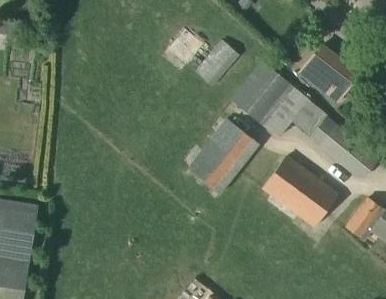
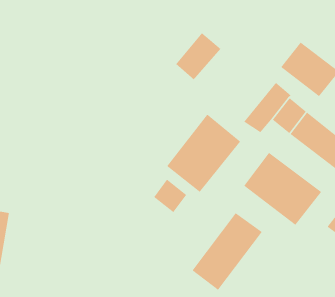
building: [231,61,295,126] -> none
building: none -> [153,179,187,213]
building: none -> [191,212,263,291]

